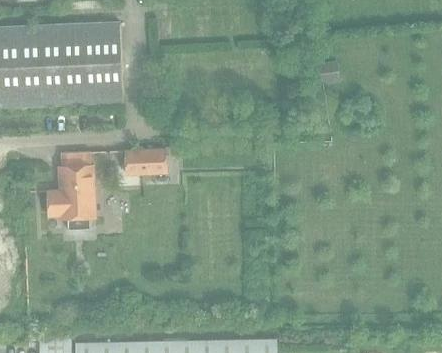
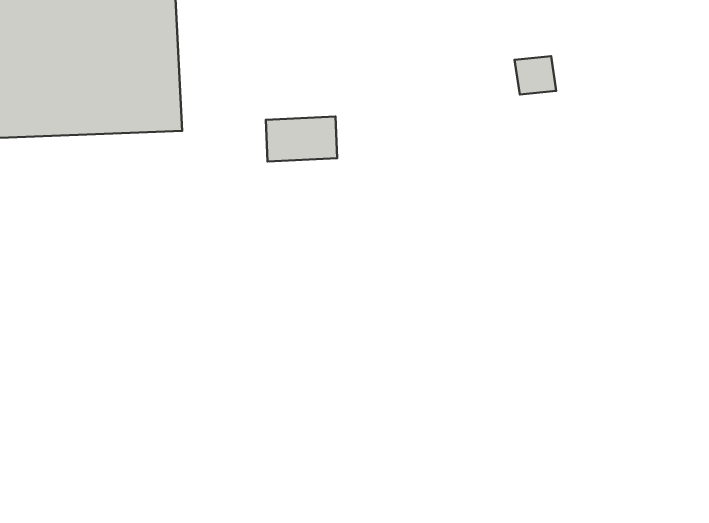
building: [125,149,166,175] -> [266,116,337,162]
building: [47,153,95,230] -> none

